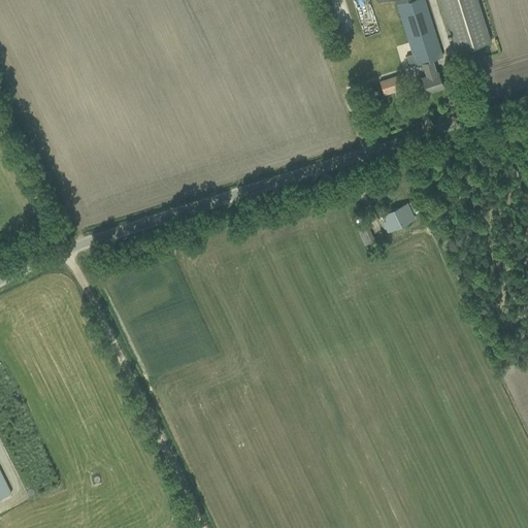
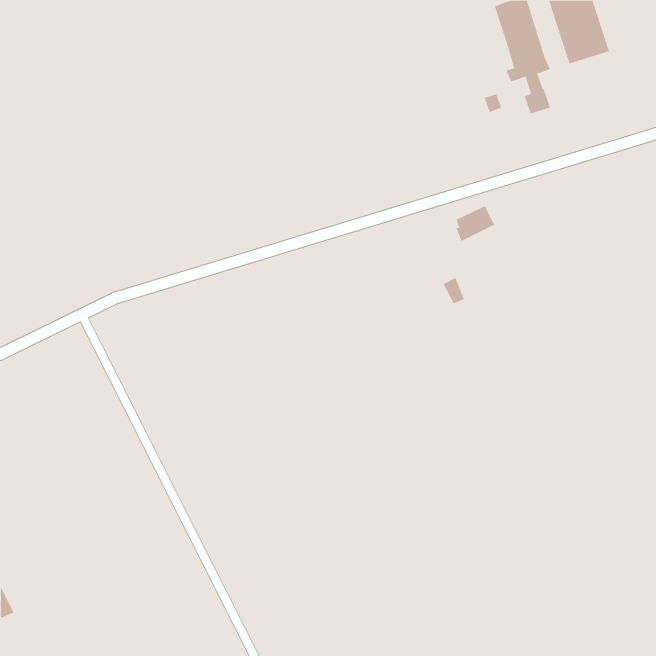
building: [383,203,415,232] -> [456,205,495,241]

